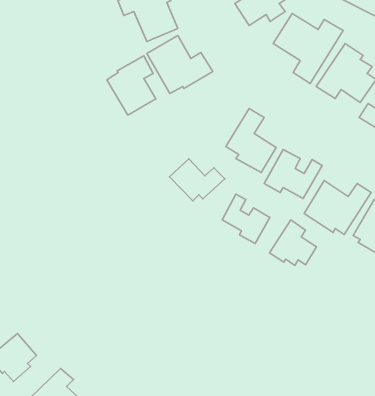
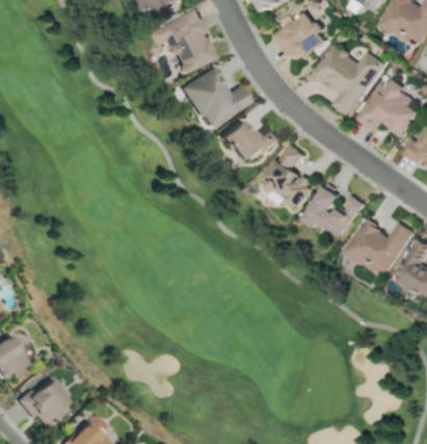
building: [107,56,156,115] -> none
building: [170,159,225,201] -> [218,120,275,163]
building: [222,194,270,244] -> none
building: [270,220,317,266] -> none

